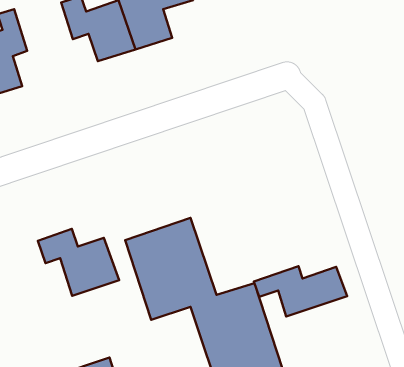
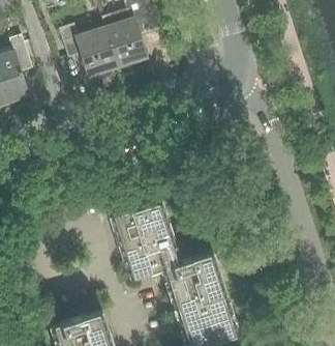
building: [38,229,119,296] -> none
building: [254,266,347,317] -> none

